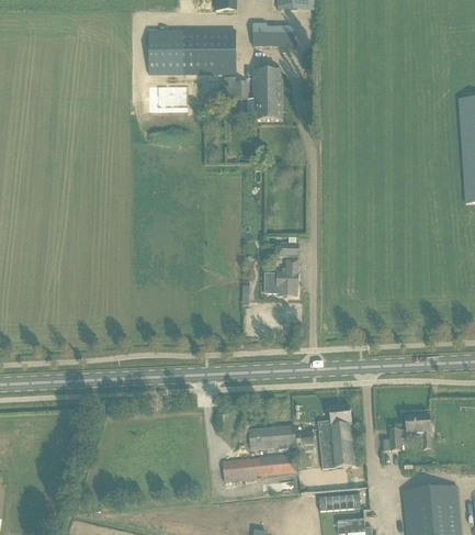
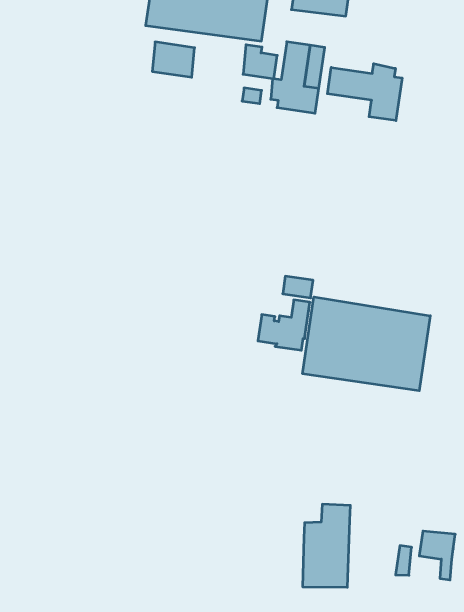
building: none -> [327,64,402,121]
building: none -> [303,297,430,391]
building: [248,424,313,450] -> none
building: [222,454,295,481] -> none

